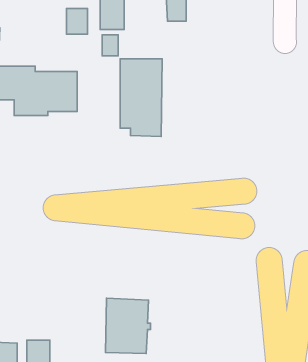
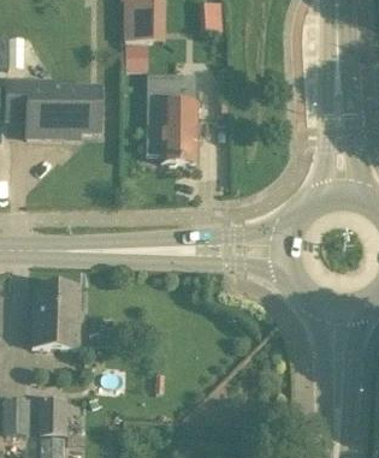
building: [67,8,88,34] -> none
building: [105,298,151,354] -> [31,282,83,346]

